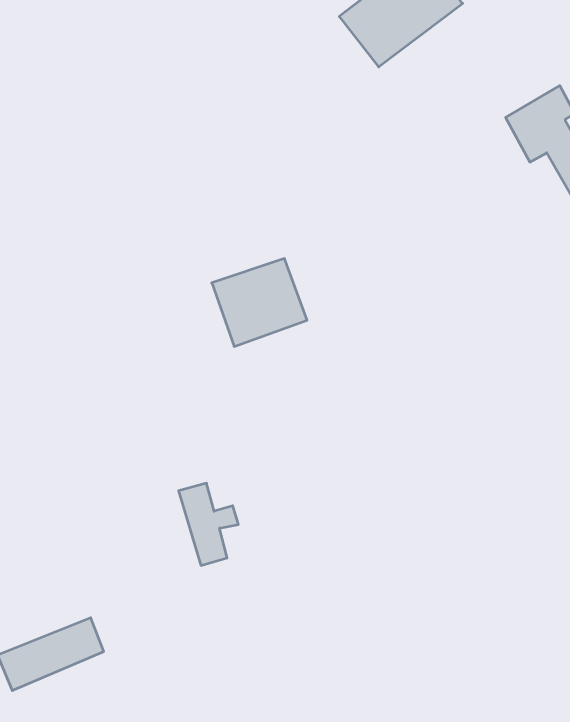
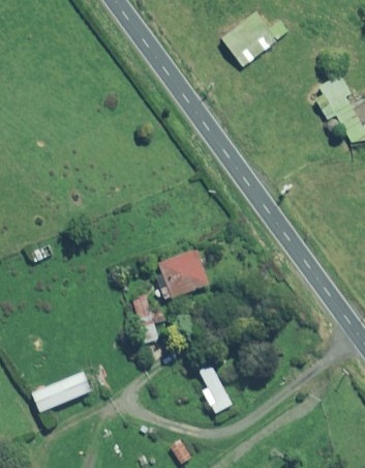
building: [212,259,307,346] -> [158,248,211,297]
building: none -> [197,362,233,413]

